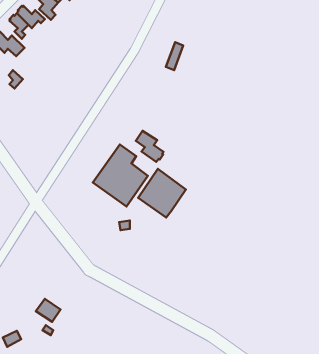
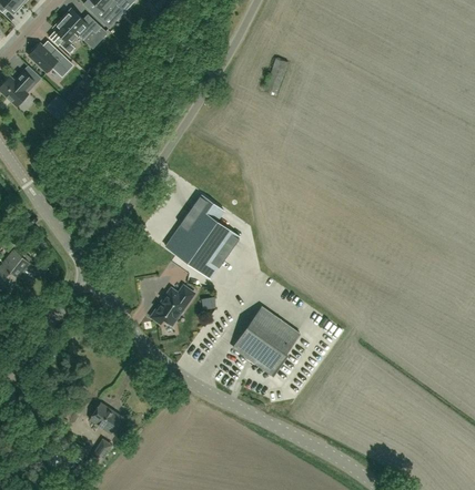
building: [136,131,164,162] -> none
building: [138,169,186,218] -> [235,306,300,371]
building: none -> [152,286,194,324]

